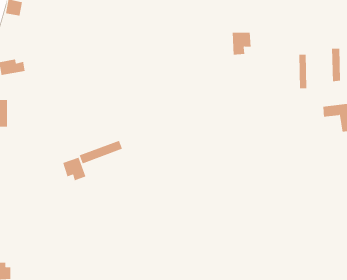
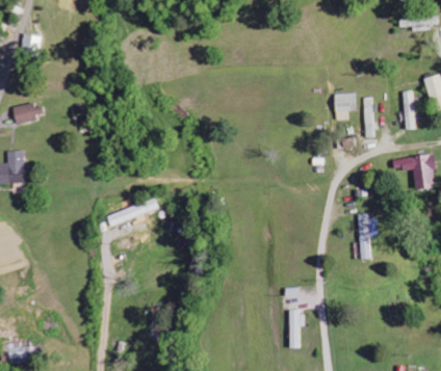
building: [232,32,251,55] -> [335,94,358,121]
building: none -> [359,213,379,259]
building: [62,157,86,181] -> none
building: none -> [289,312,306,348]

